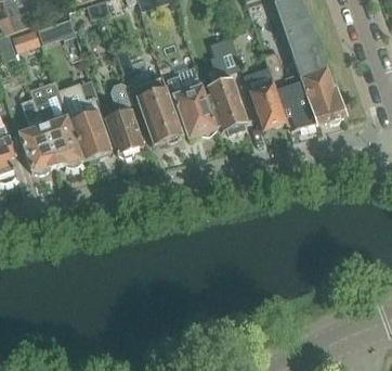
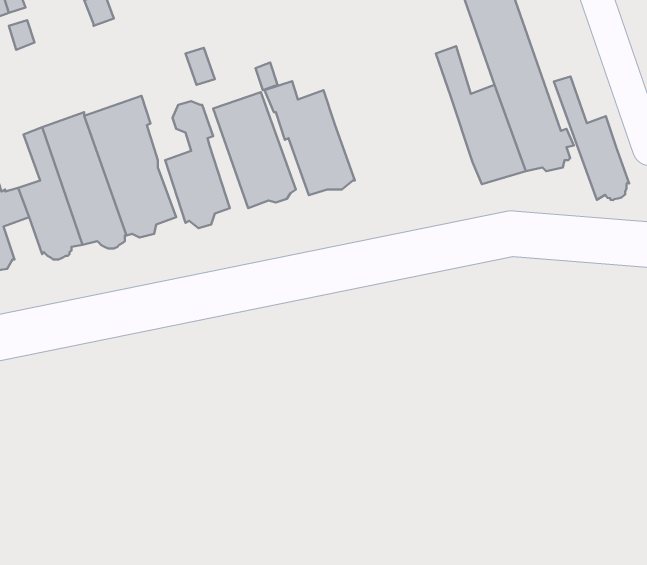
building: [205,38,249,135] -> none
building: none -> [554,76,629,200]
building: [248,79,286,127] -> none

